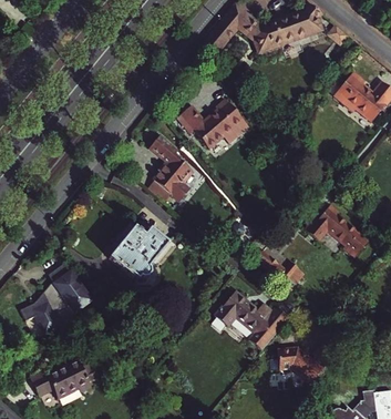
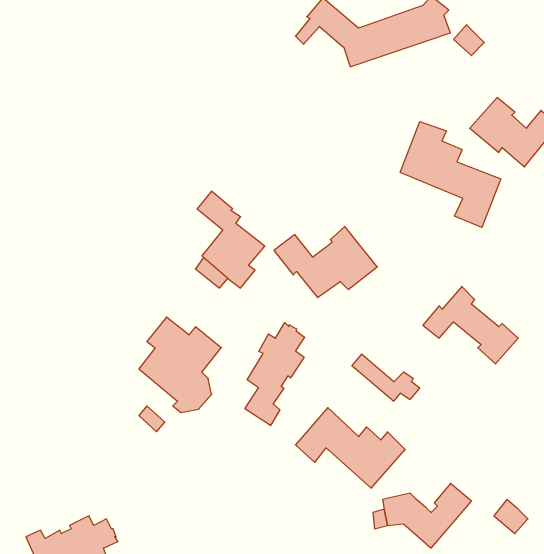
building: none -> [400,122,501,227]
building: [178,104,249,153] -> [274,226,377,297]
building: none -> [245,323,305,426]
building: [21,266,90,334] -> none

